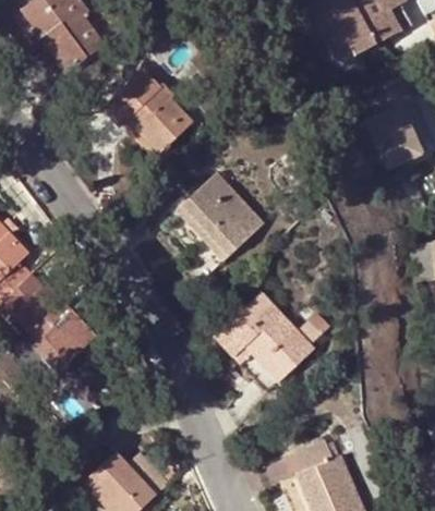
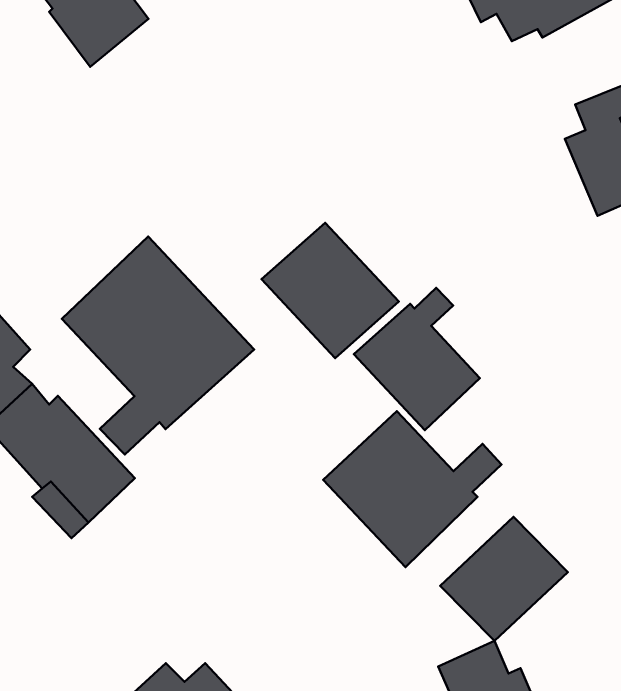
building: [102,70,193,153] -> none
building: none -> [62,237,254,455]
building: none -> [354,288,480,430]
building: none -> [440,517,568,641]

